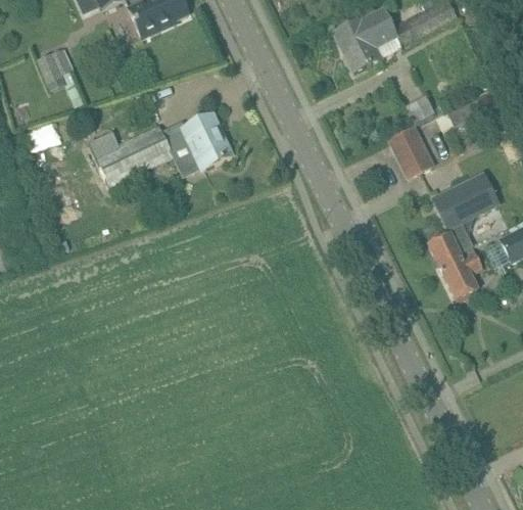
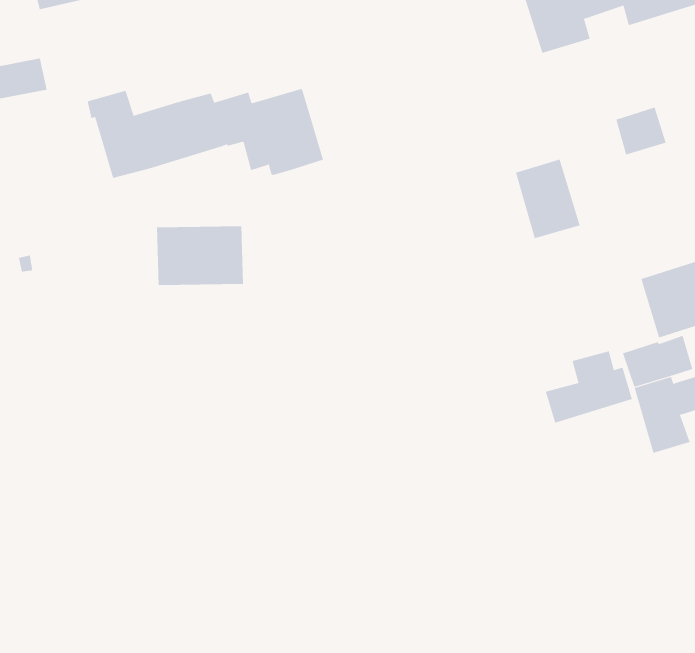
building: [389,128,433,178] -> [515,159,581,239]
building: none -> [157,225,244,286]
building: none -> [545,351,632,424]

